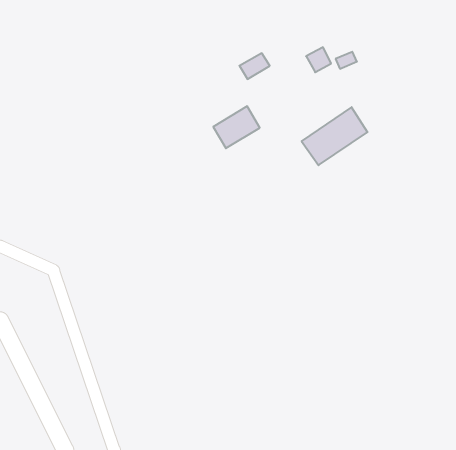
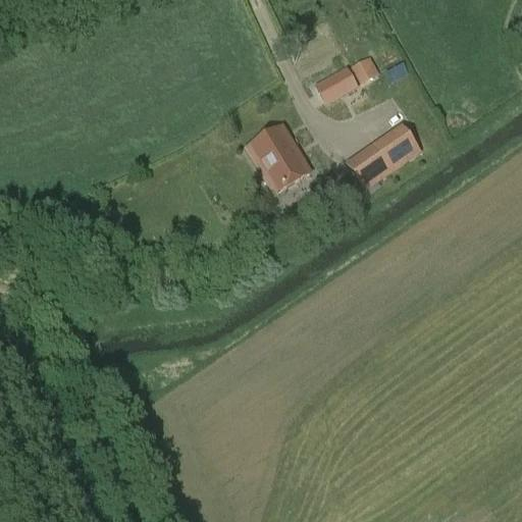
building: [239,53,270,79] -> [319,71,354,101]
building: none -> [258,146,311,193]

